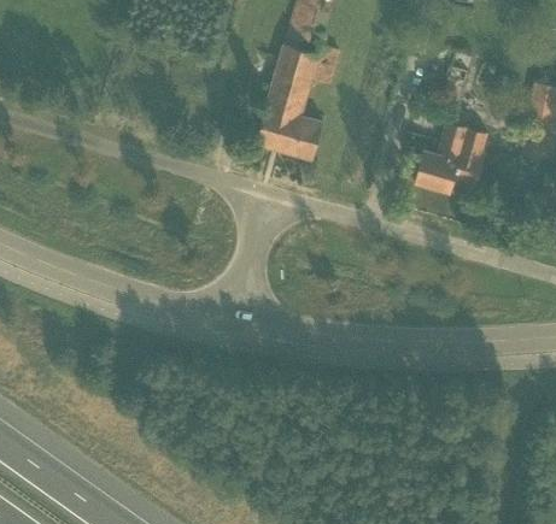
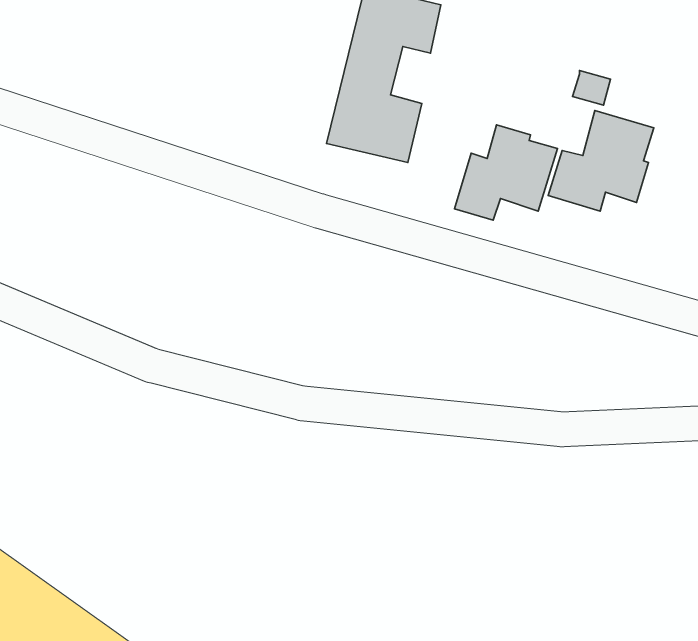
building: none -> [455,125,557,220]

